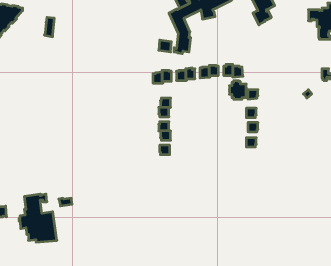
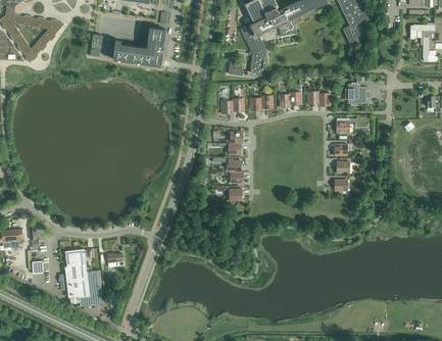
building: none -> [112,27,165,65]
building: [229,81,246,99] -> [345,83,365,105]

